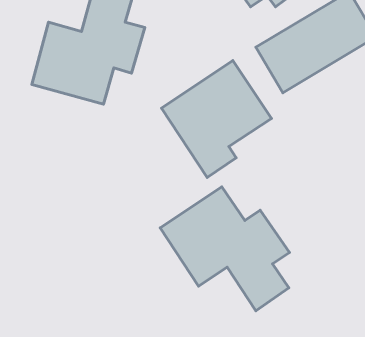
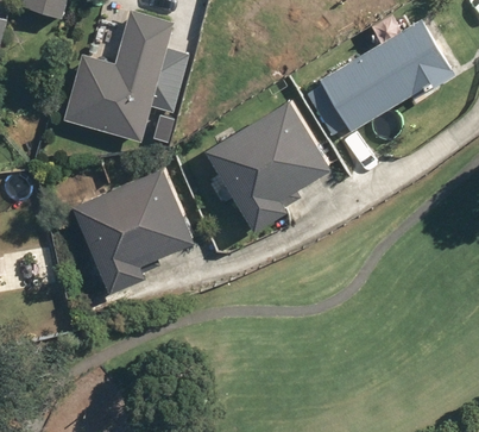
building: none -> [70,161,206,290]
building: [160,187,289,311] -> none

